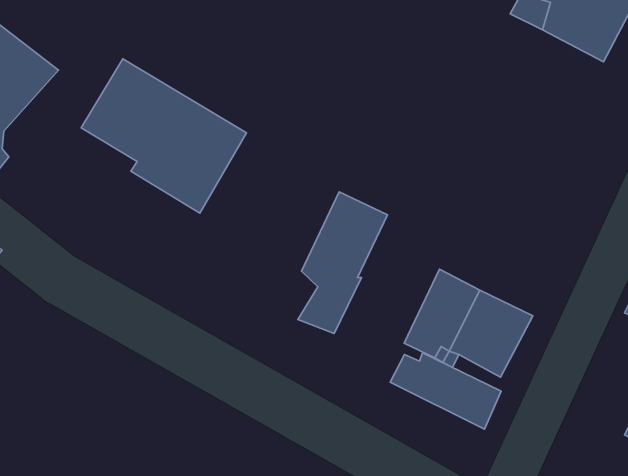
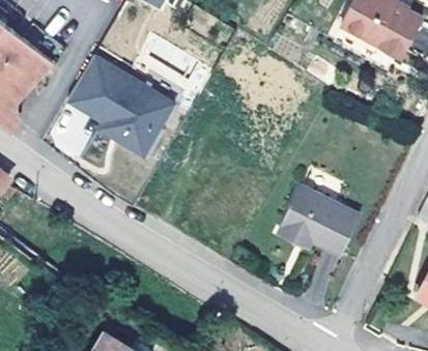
building: [298,192,387,333] -> none
building: [390,353,501,429] -> none

